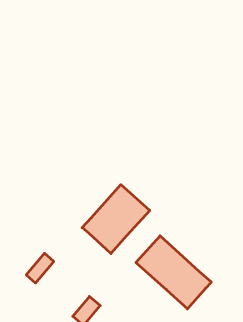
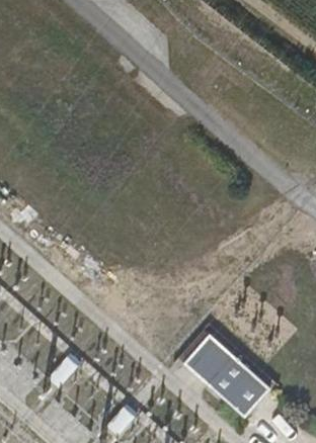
building: [82,185,150,254] -> none

